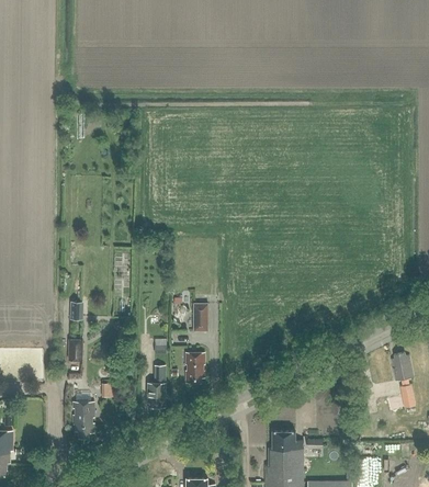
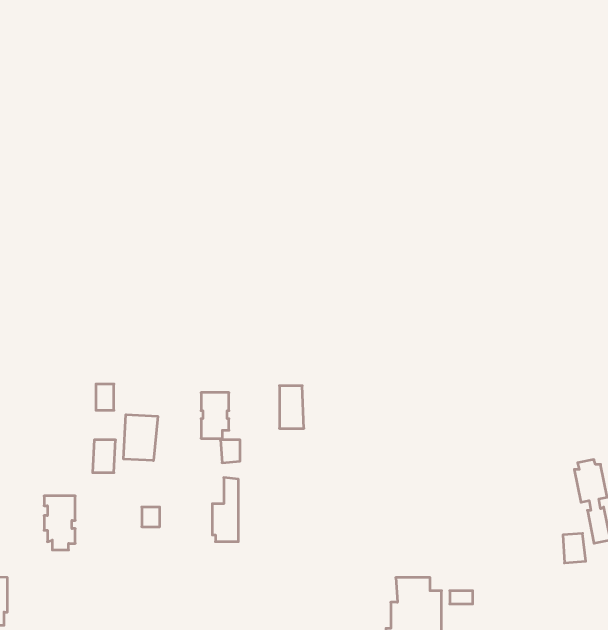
building: none -> [124,415,158,461]
building: [188,352,206,383] -> [201,393,229,438]
building: [74,401,94,438] -> [44,496,75,550]

